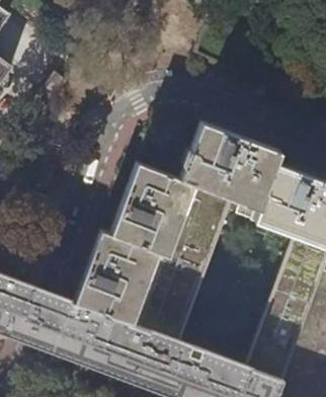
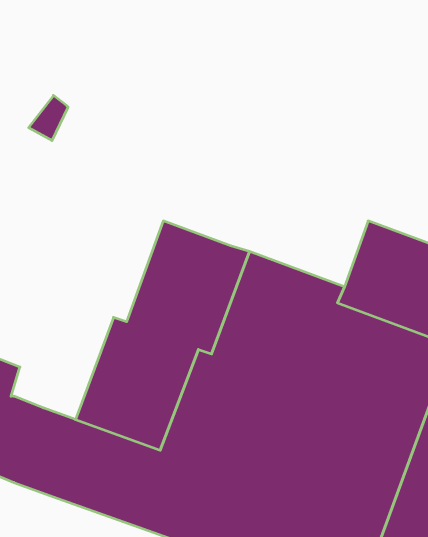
building: [177,123,277,209] -> none

